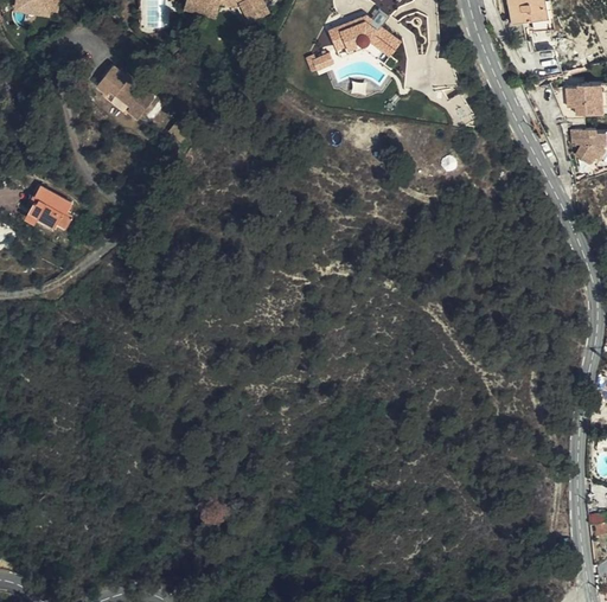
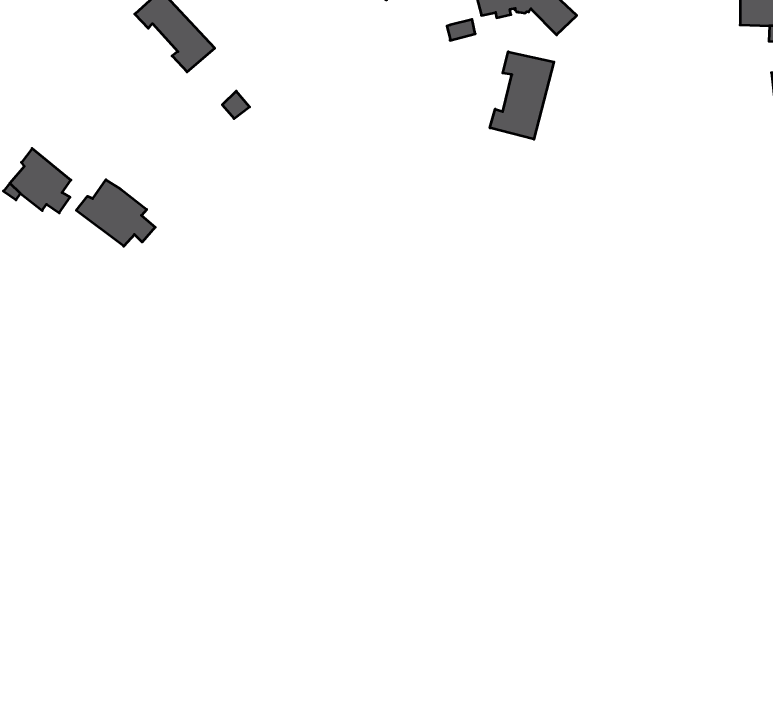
building: none -> [490,52,554,139]
building: none -> [76,180,155,246]

